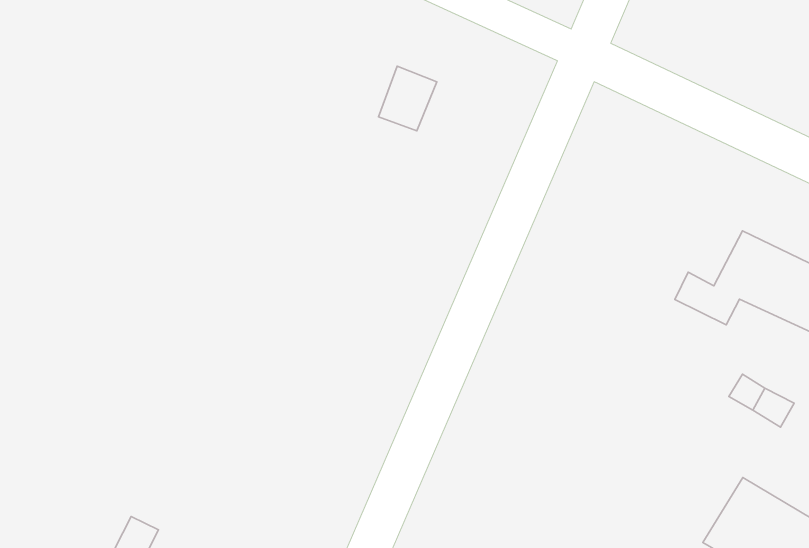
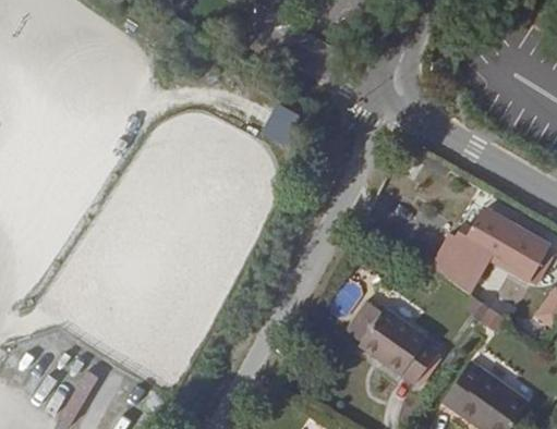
building: none -> [351,305,441,389]

